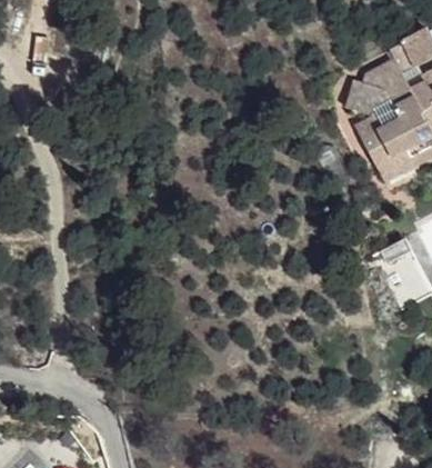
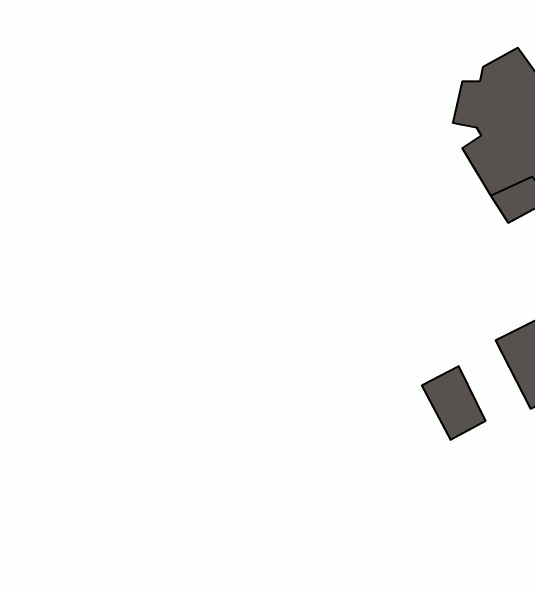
building: none -> [422,366,485,440]

